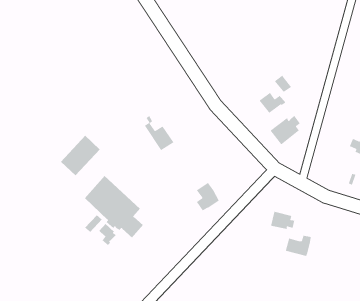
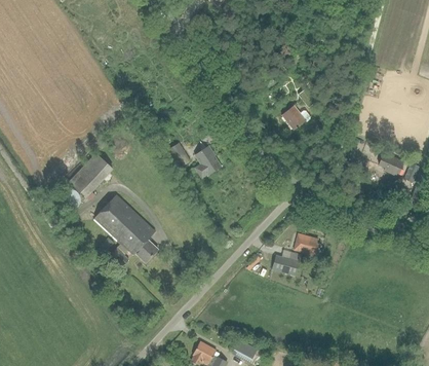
building: [270,115,301,145] -> none
building: [196,182,220,211] -> [195,145,221,177]
building: [285,235,312,257] -> [272,251,301,274]

